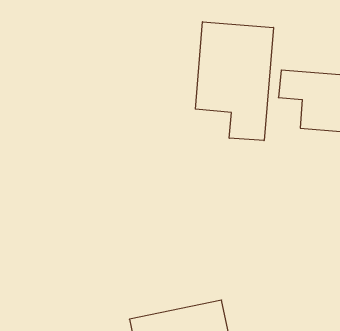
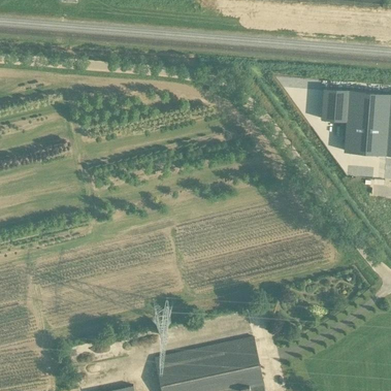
building: [195,22,273,141] -> none

